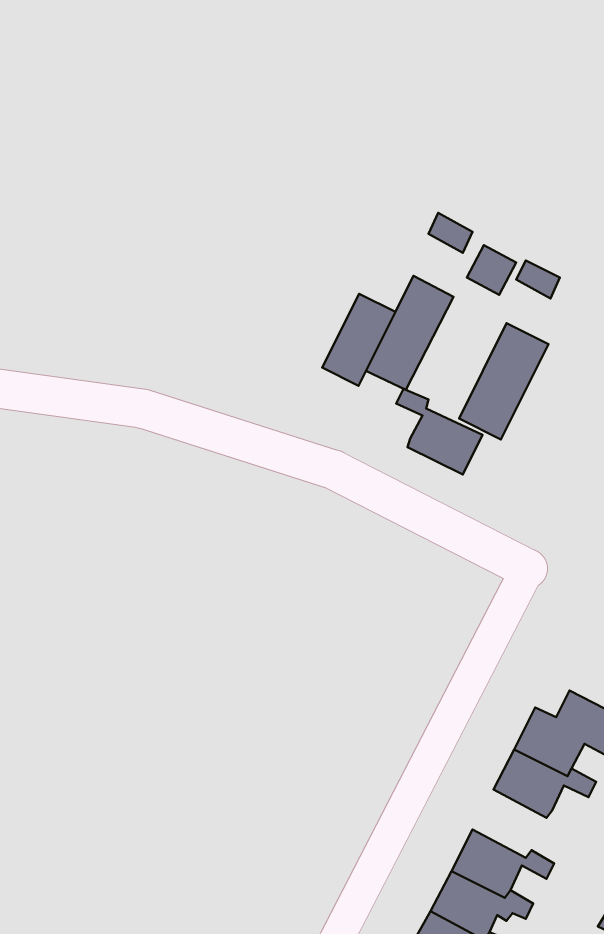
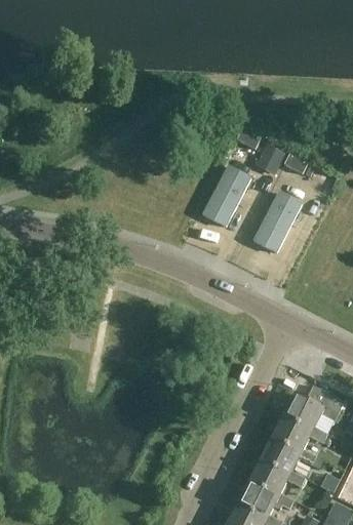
building: [322,294,395,386] -> none
building: [396,389,483,475] -> none
building: none -> [259,440,314,477]

